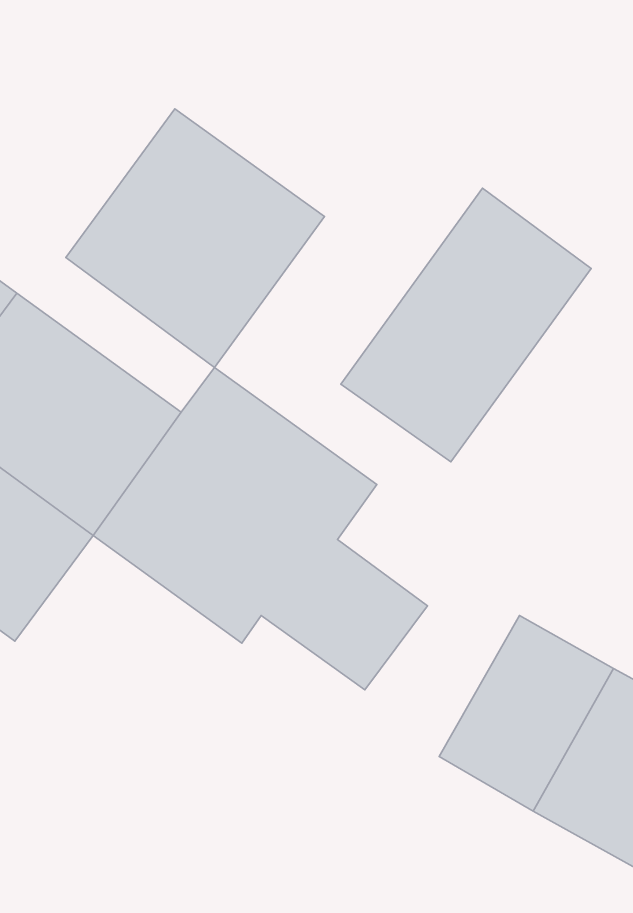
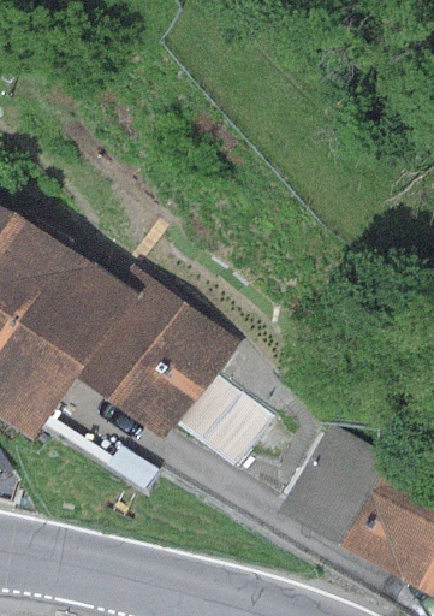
building: [66,109,325,367] -> none
building: [341,188,591,462] -> none

